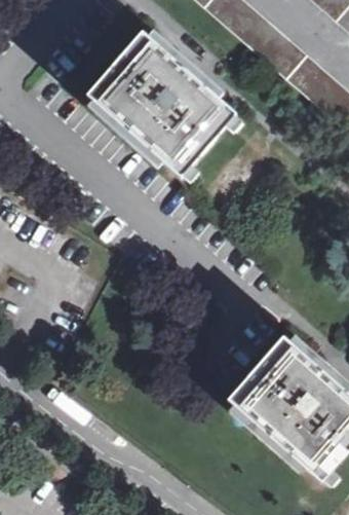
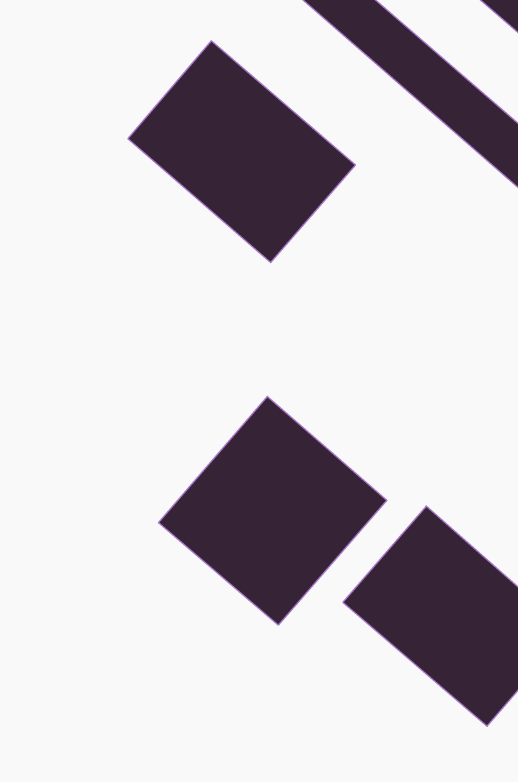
building: none -> [159,396,387,625]

